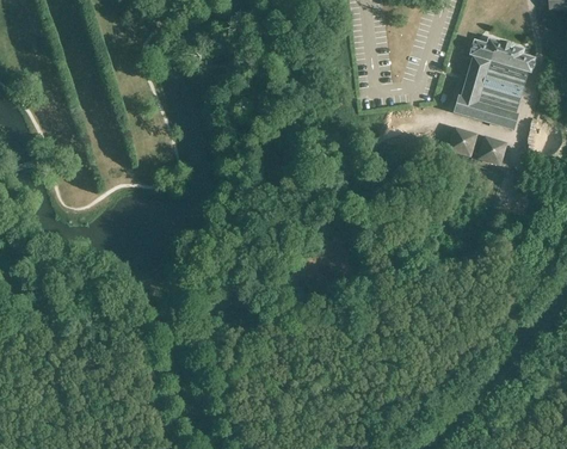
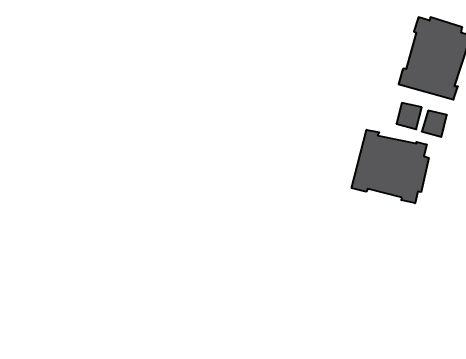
building: none -> [352,130,429,203]

